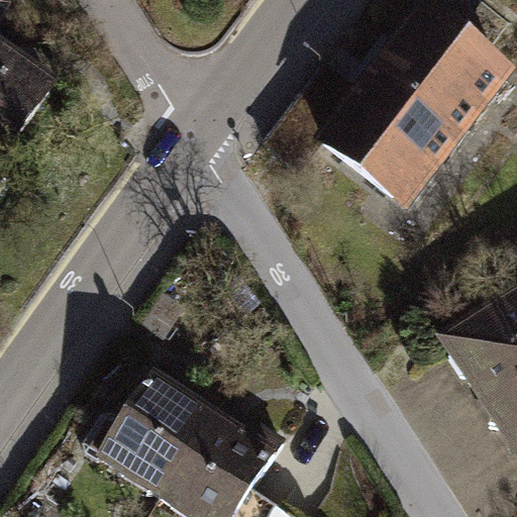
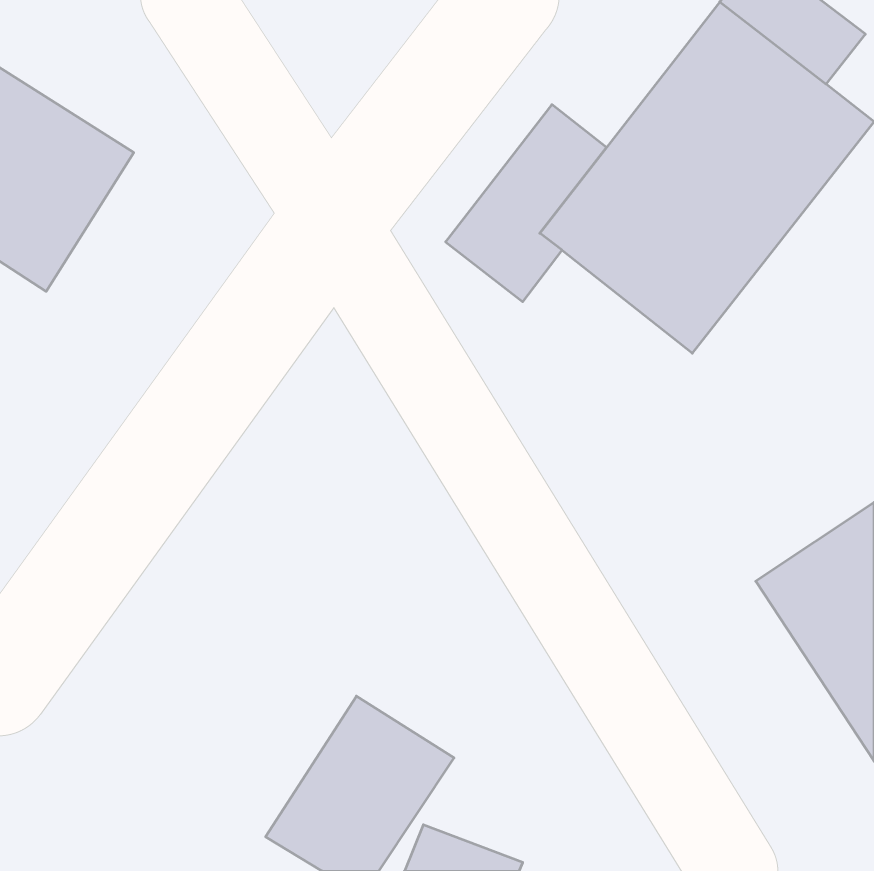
building: [100,373,210,493] -> none

